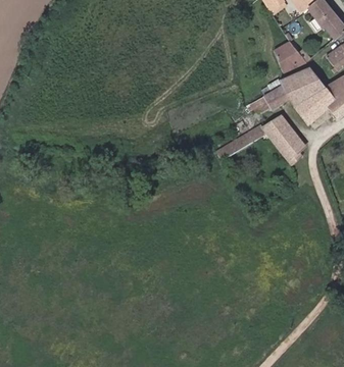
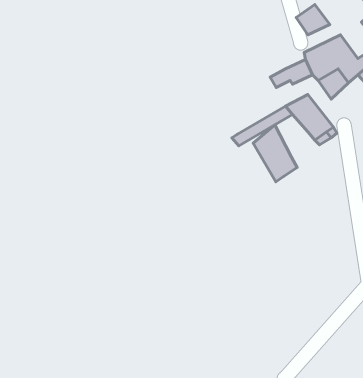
building: none -> [253,125,297,182]

